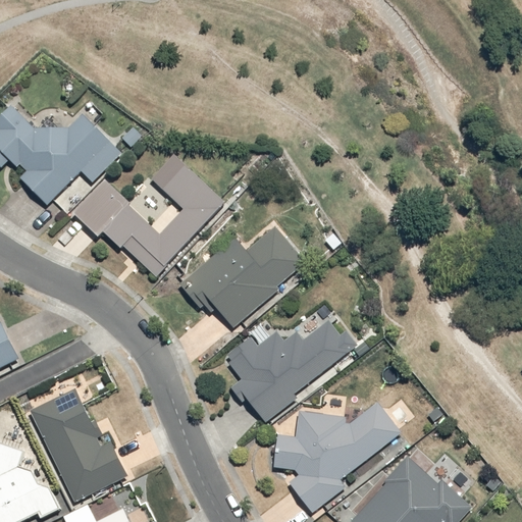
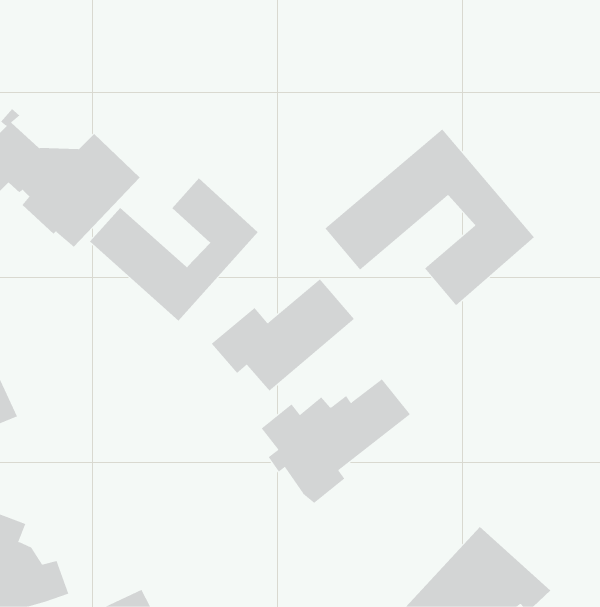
building: none -> [324,128,535,306]
building: [30,386,124,497] -> none
building: [272,403,399,509] -> none

